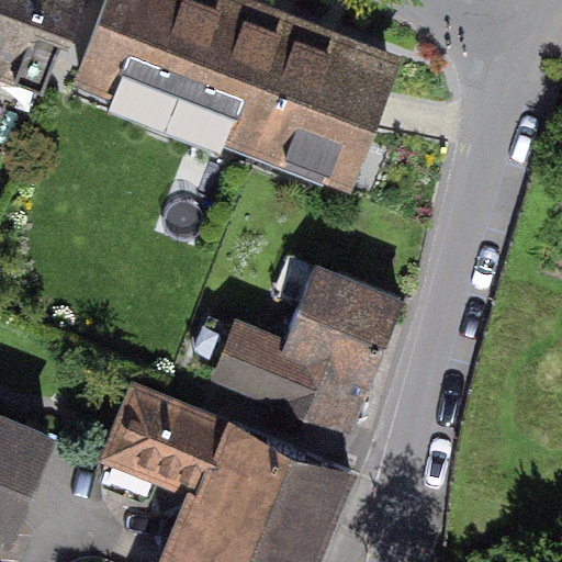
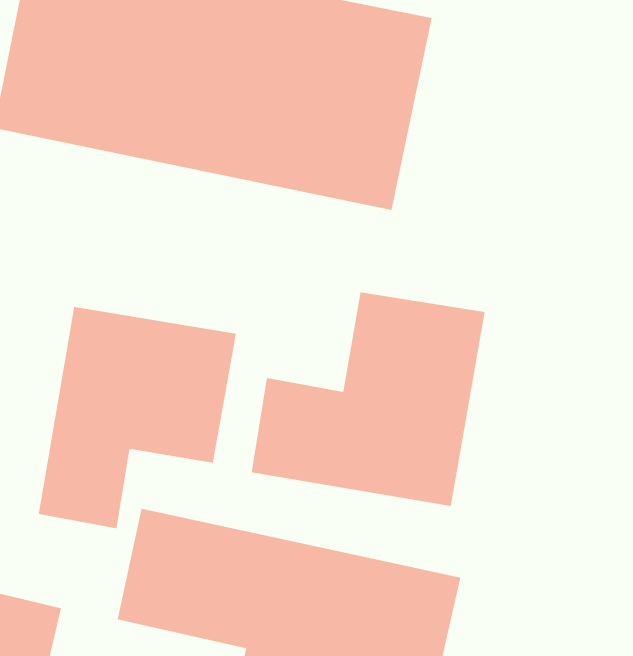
building: none -> [38,306,237,529]

